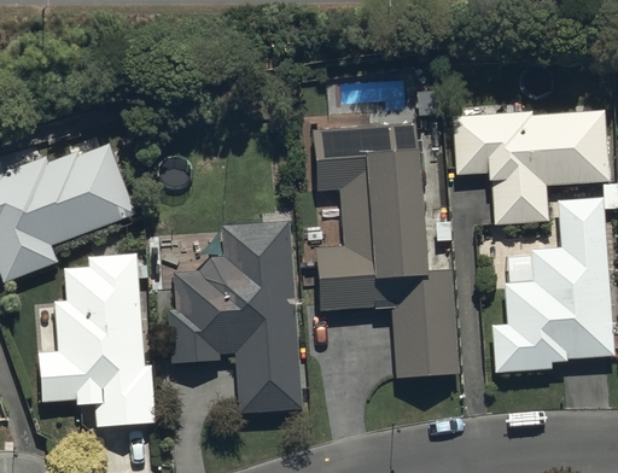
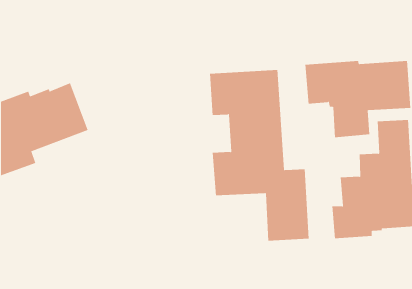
building: [170,220,302,411] -> none
building: [37,253,156,426] -> none

